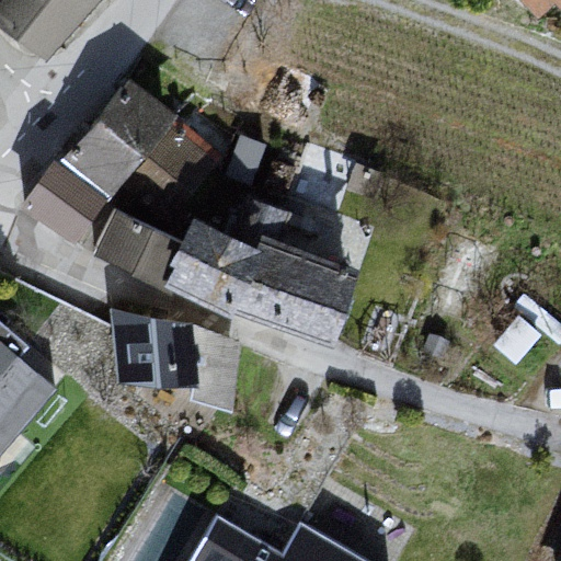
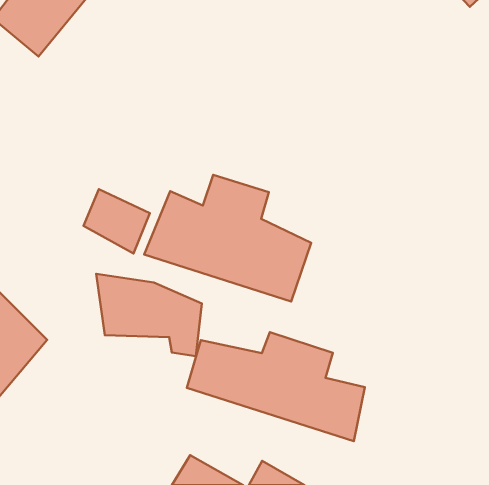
building: [18,83,217,248] -> none
building: none -> [187,332,365,441]

